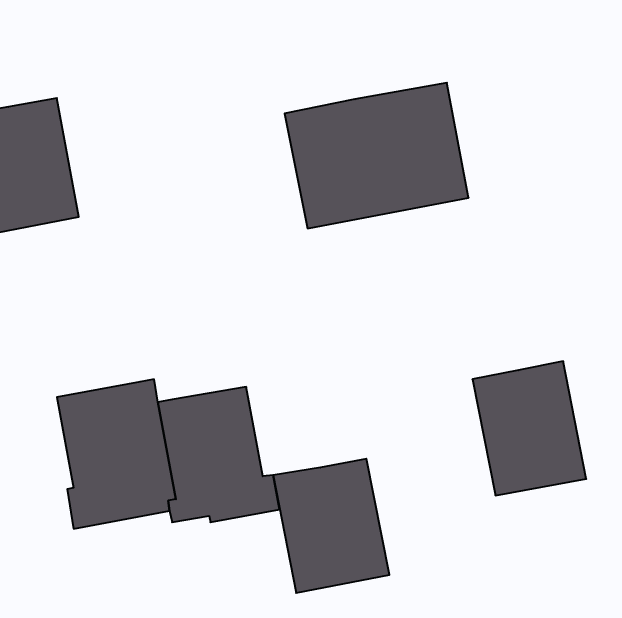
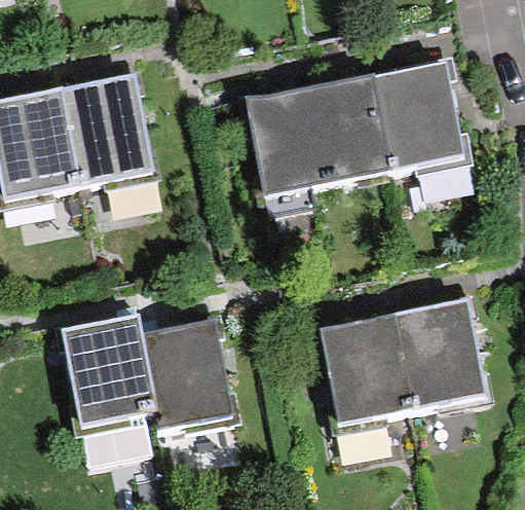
building: none -> [375,64,463,169]
building: none -> [62,75,152,184]
building: [273,459,389,593] -> [321,315,414,423]

